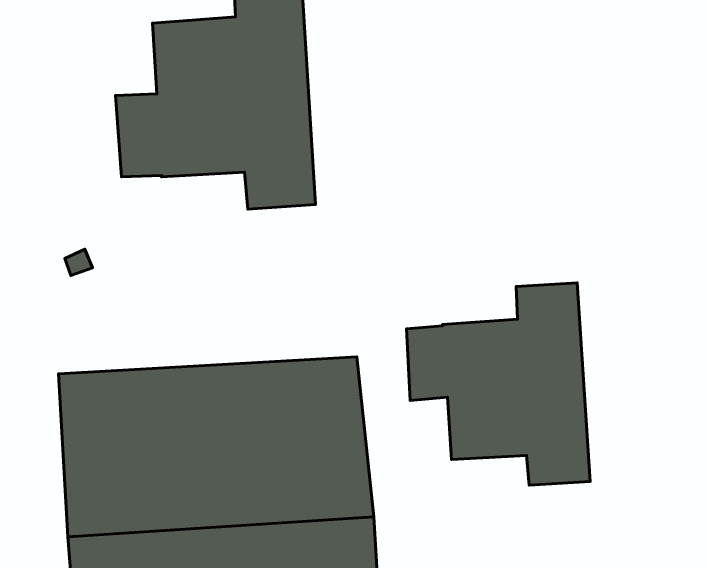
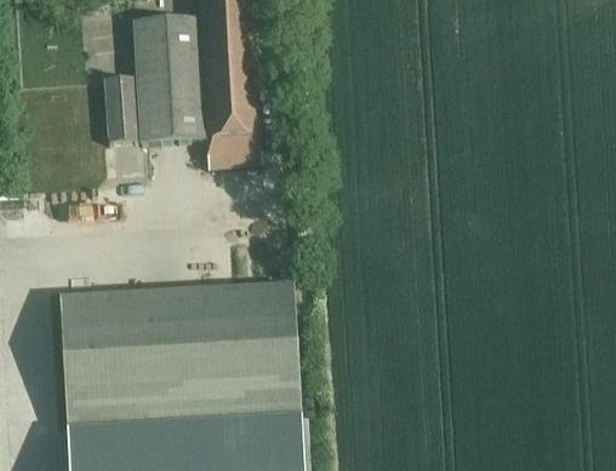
building: [407,283,590,485] -> none

